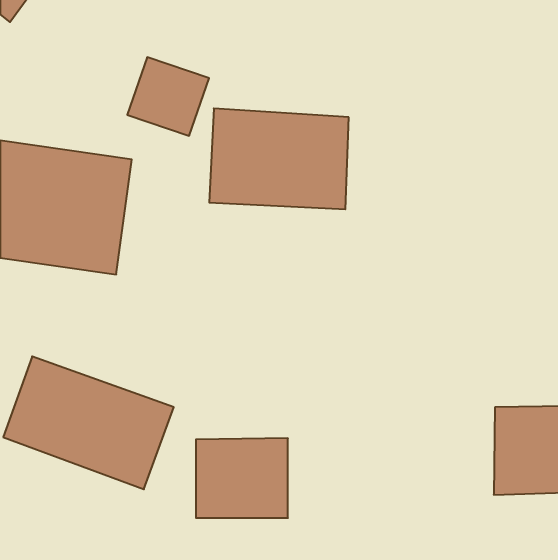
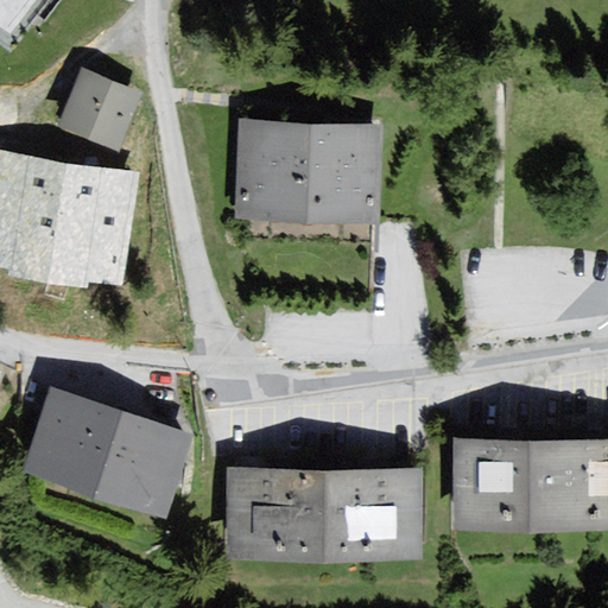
building: [127,57,209,136] -> [56,74,144,158]
building: none -> [443,437,539,532]
building: none -> [317,470,420,556]

